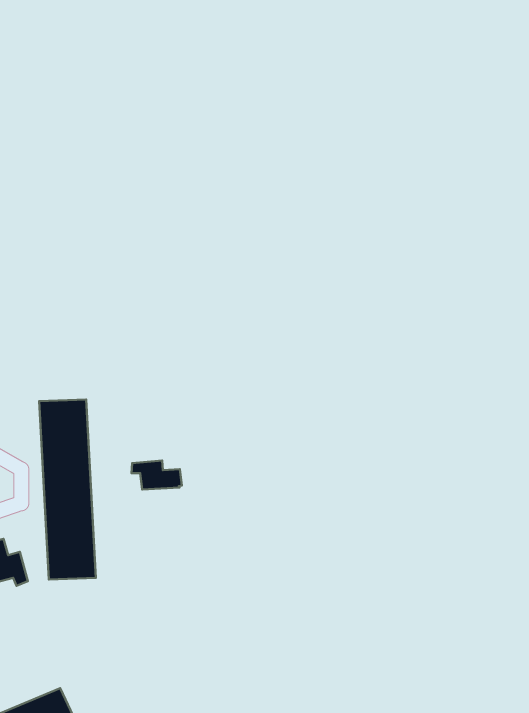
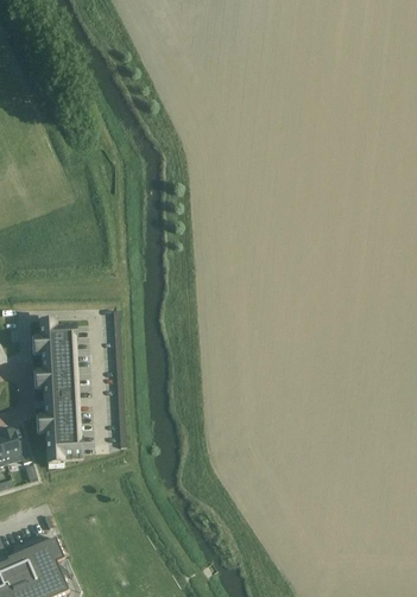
building: [131,461,182,490] -> none

